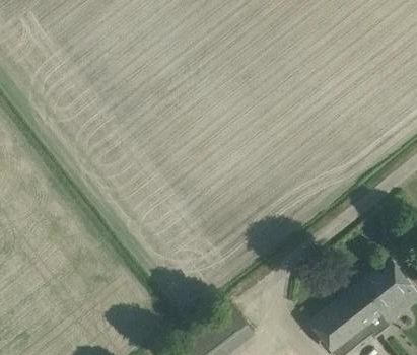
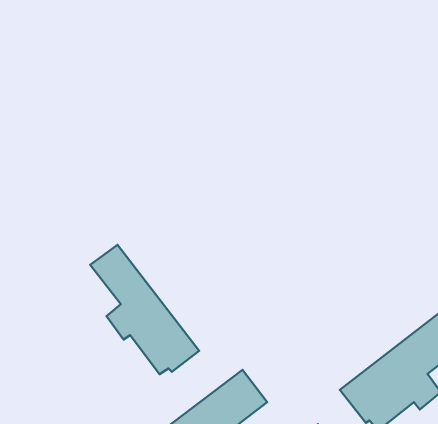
building: none -> [90,245,199,374]

